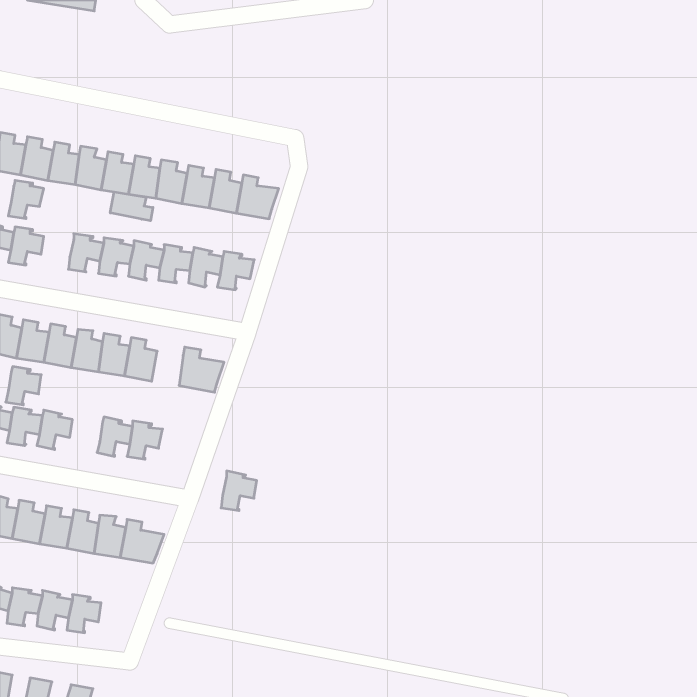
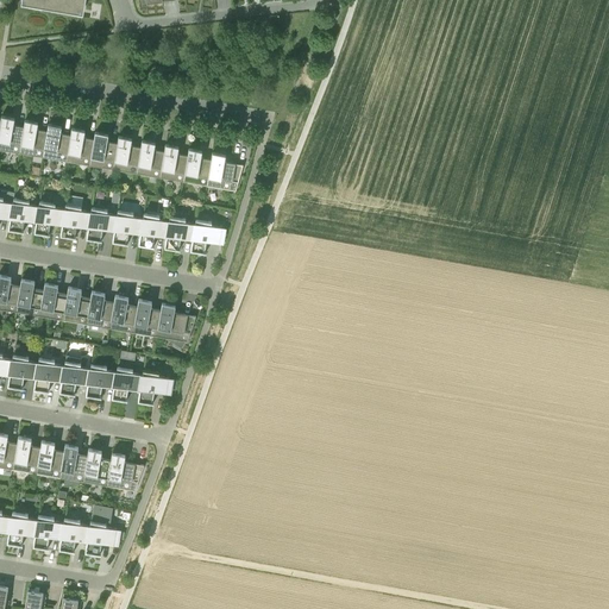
building: [8,180,44,219] -> [33,202,64,236]
building: [110,192,153,221] -> none
building: none -> [132,300,159,337]
building: [6,367,41,405] -> [58,362,89,395]
building: [221,471,257,511] -> [137,370,168,404]
building: none -> [84,504,115,555]

